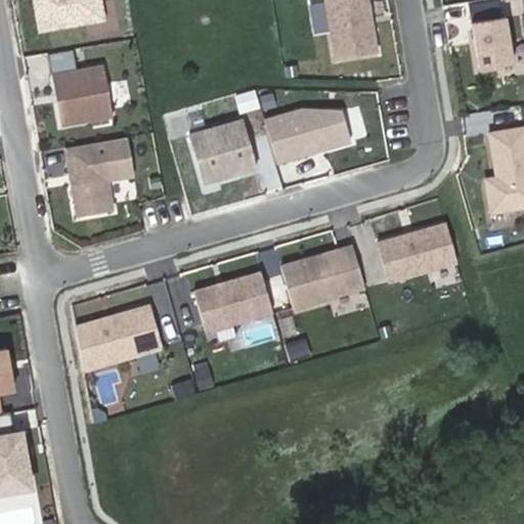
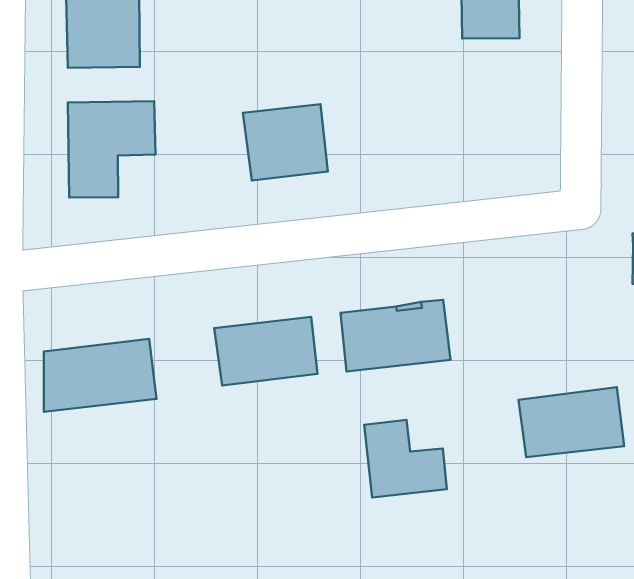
building: [264,111,351,163] -> none
building: [379,223,460,283] -> [518,387,624,457]
building: none -> [364,420,447,497]

